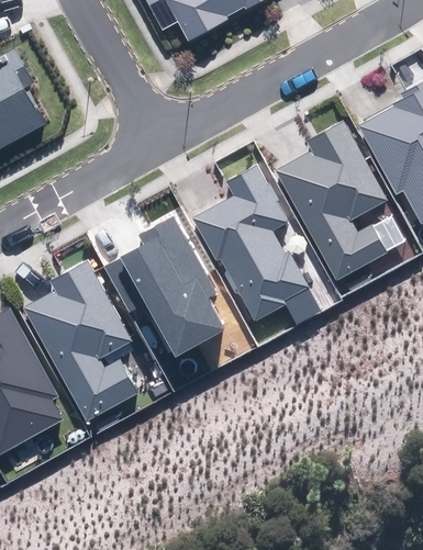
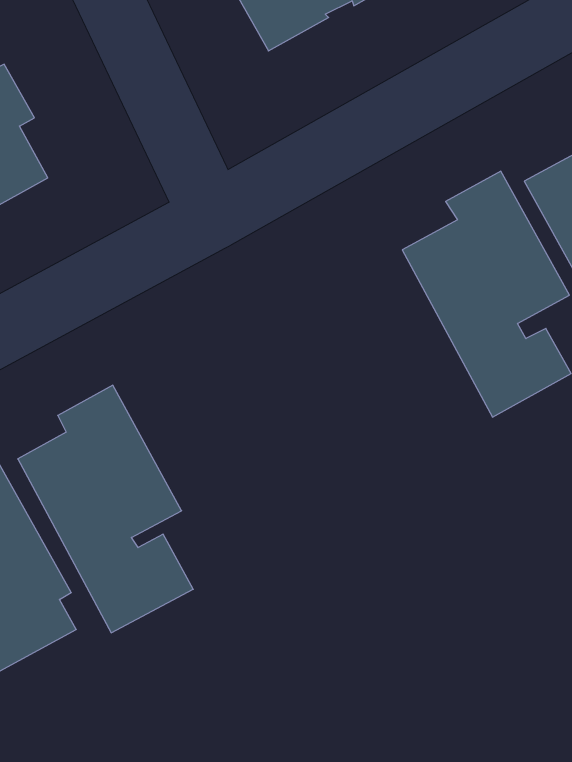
building: [192,166,310,323] -> none
building: [104,216,225,357] -> none

